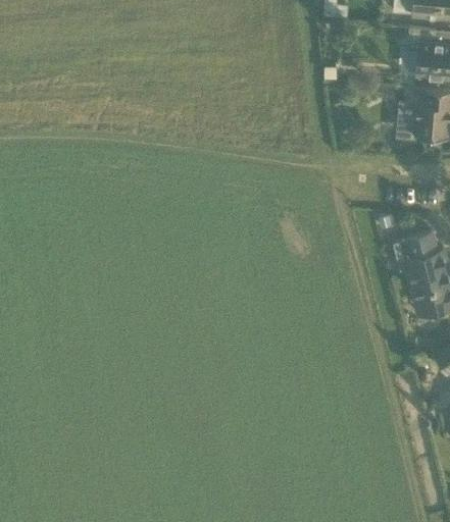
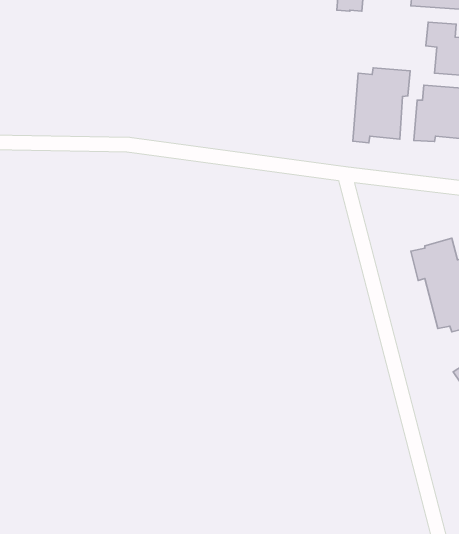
building: none -> [353,68,410,143]

